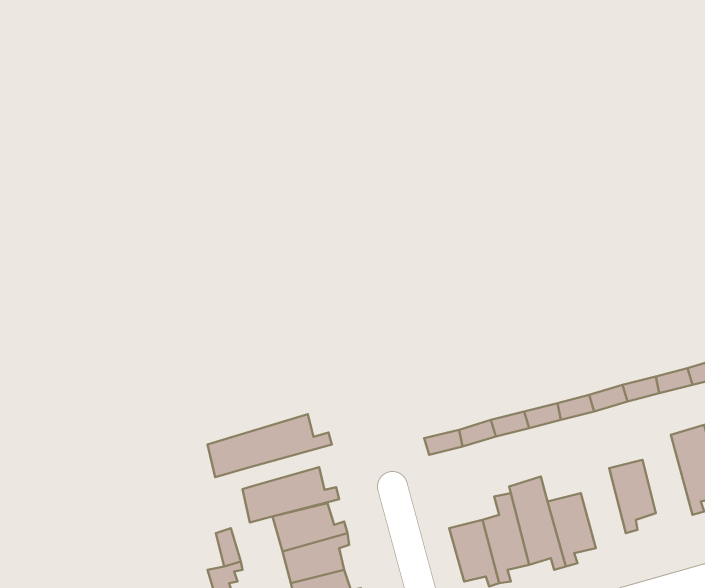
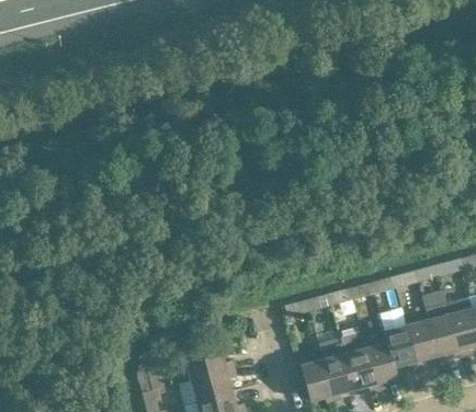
building: [208,414,332,477] -> none
building: none -> [426,304,462,362]
building: [242,467,339,523] -> none
building: none -> [386,325,418,369]

